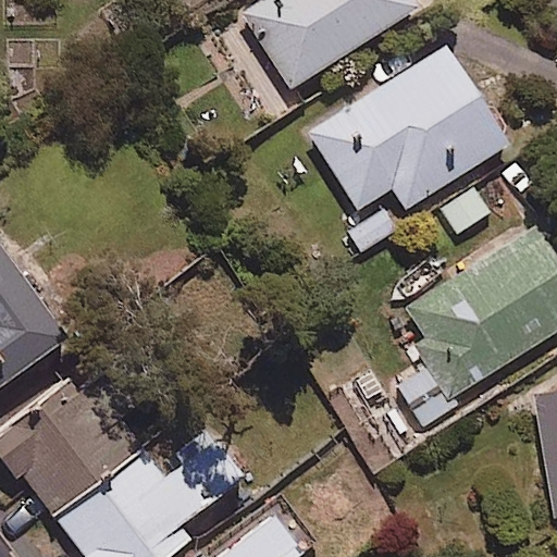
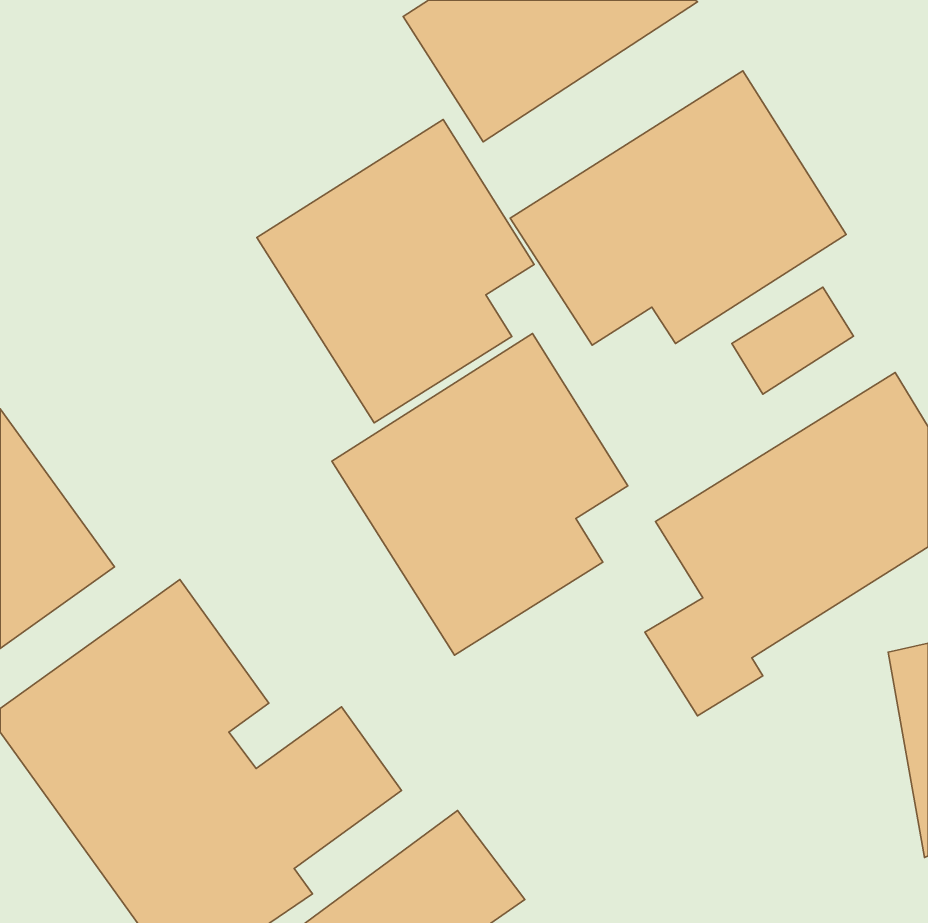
building: none -> [257,119,534,423]
building: none -> [332,334,628,655]

